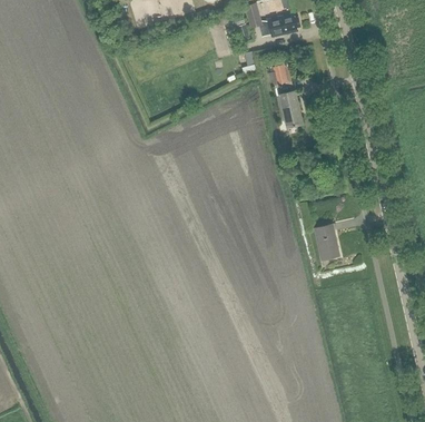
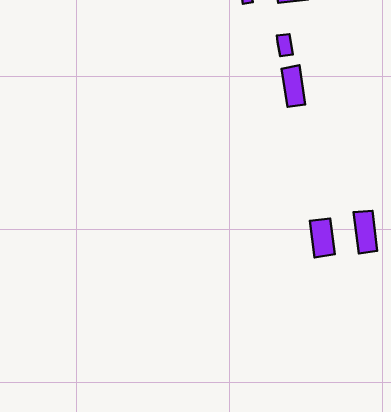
building: none -> [354,211,377,254]

